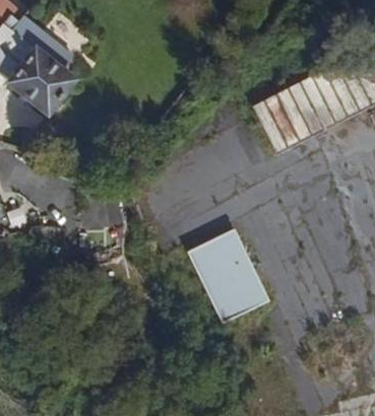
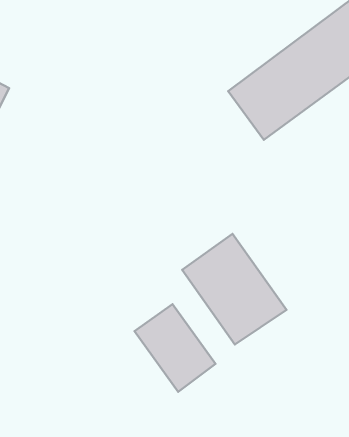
building: none -> [135,304,215,392]

